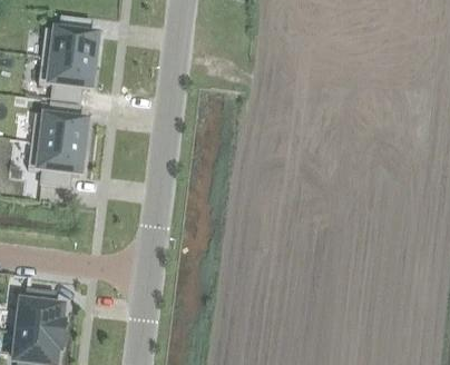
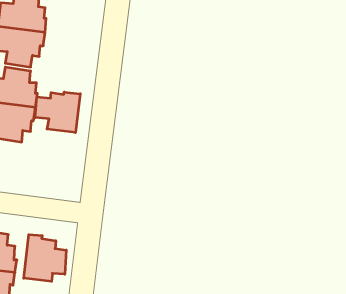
building: none -> [35,92,80,133]
building: none -> [24,235,66,281]

